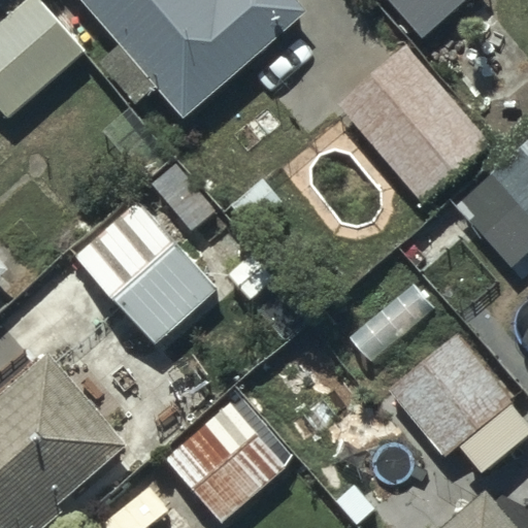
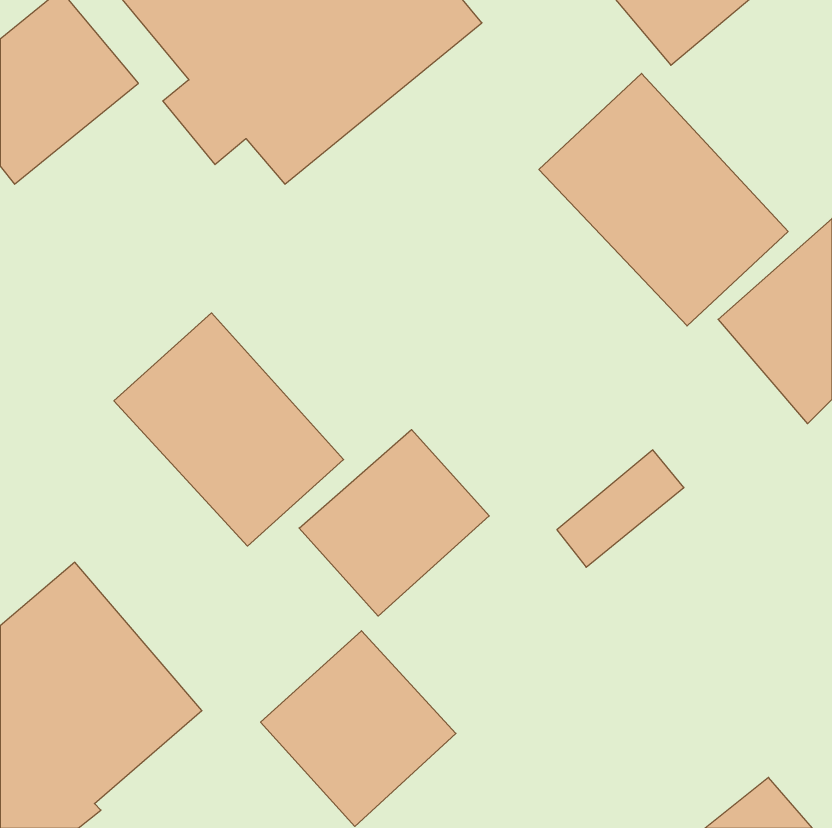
building: none -> [299,430,489,616]
building: [388,332,513,457] -> none

